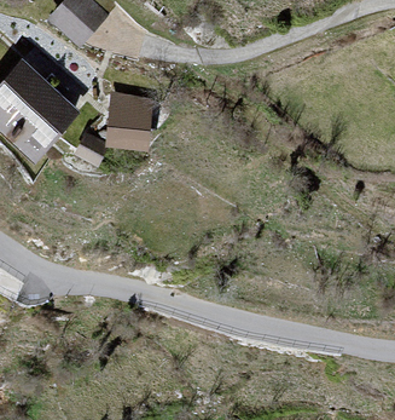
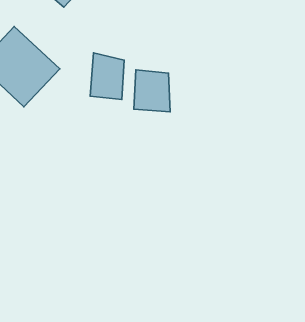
building: none -> [134,70,170,112]

